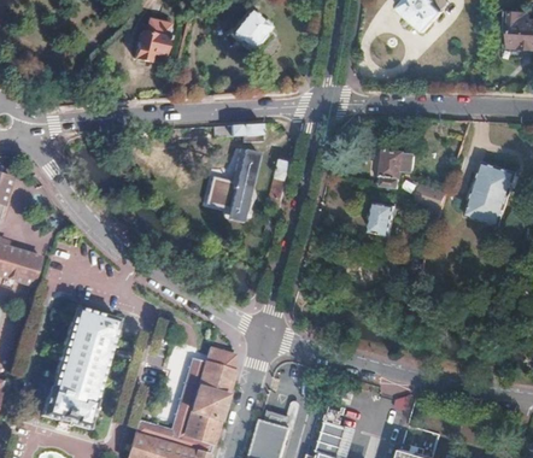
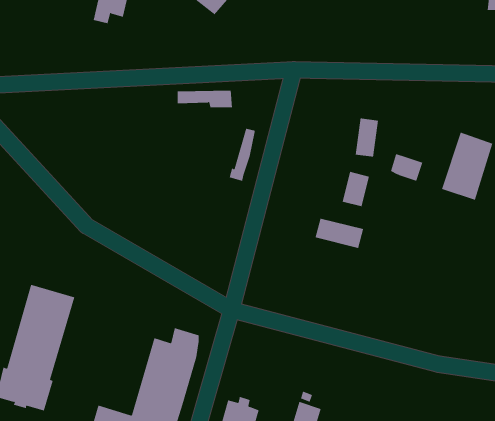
building: [207,146,260,222] -> none
building: none -> [315,218,364,249]

